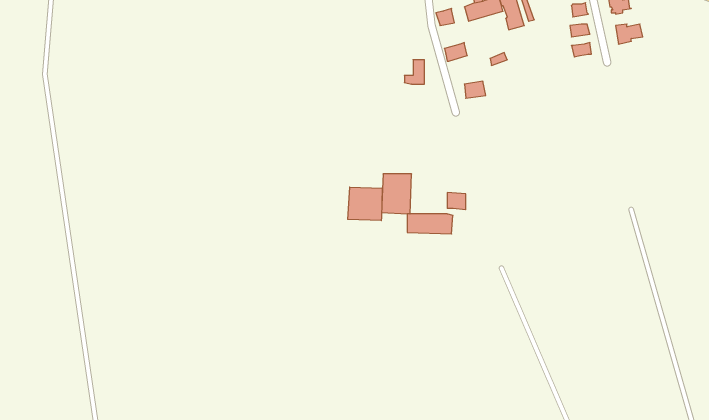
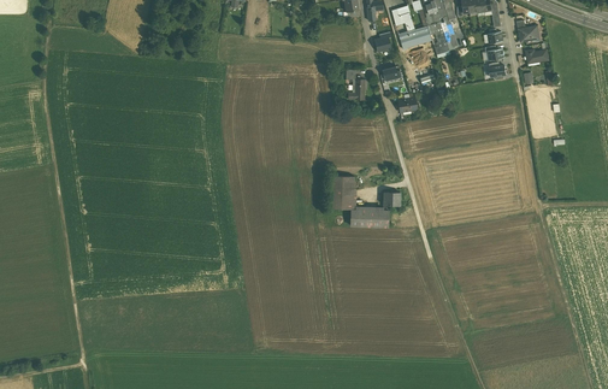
building: [348,187,382,221] -> none

